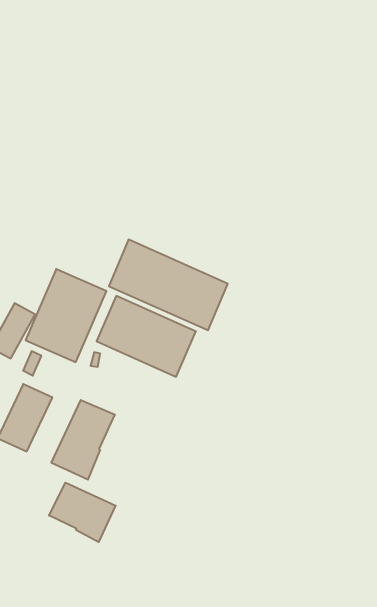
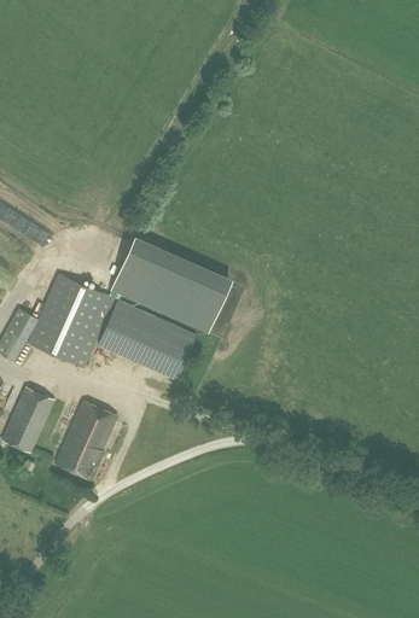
building: [49,483,116,542] -> none

